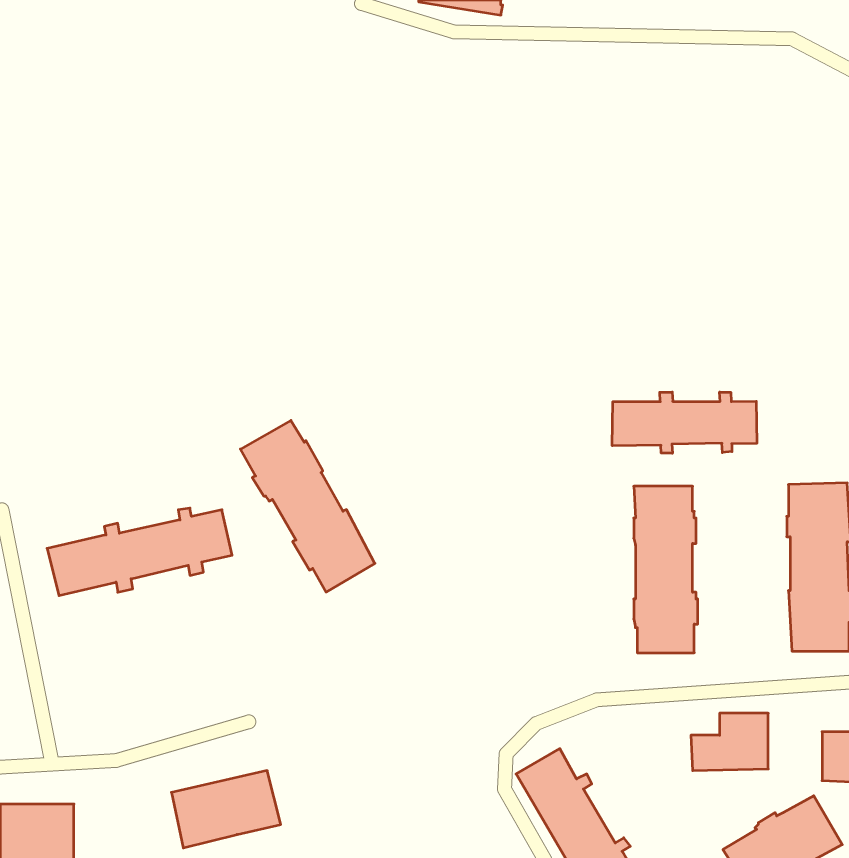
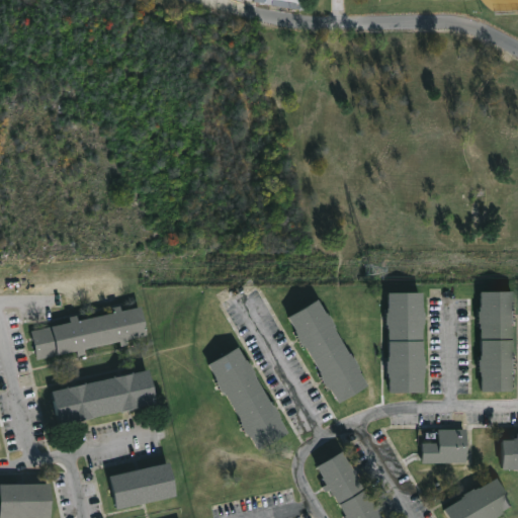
building: [612,392,757,453] -> none
building: [240,420,375,592] -> [209,348,290,451]
building: none -> [287,299,368,404]
building: none -> [51,371,154,425]

